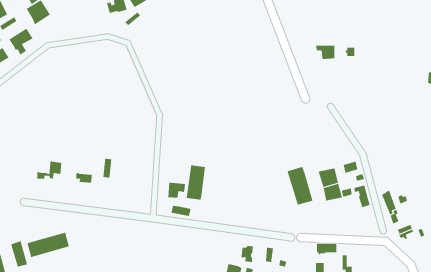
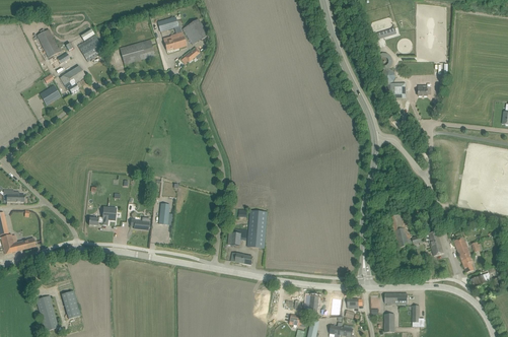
building: none -> [120,40,155,64]
building: [287,166,313,206] -> none
building: [27,232,70,258] -> none

